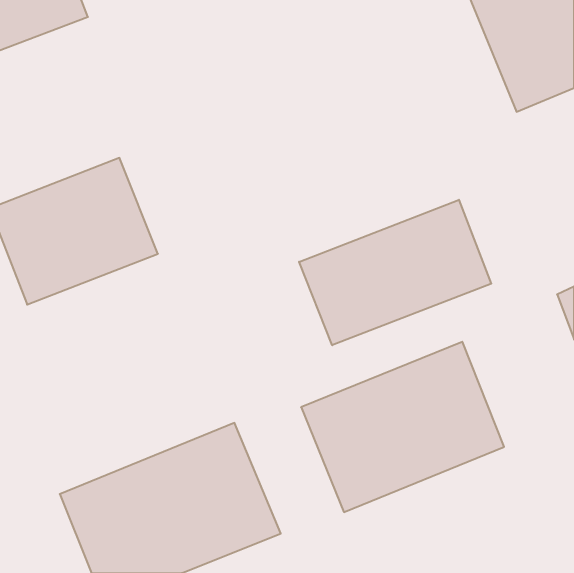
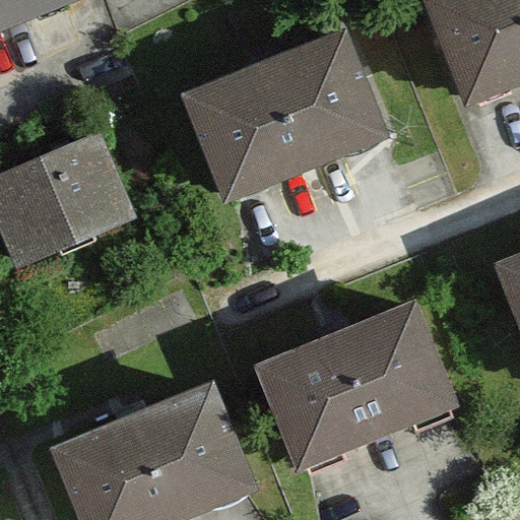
building: none -> [178,35,377,198]
building: [299,200,491,345] -> none

